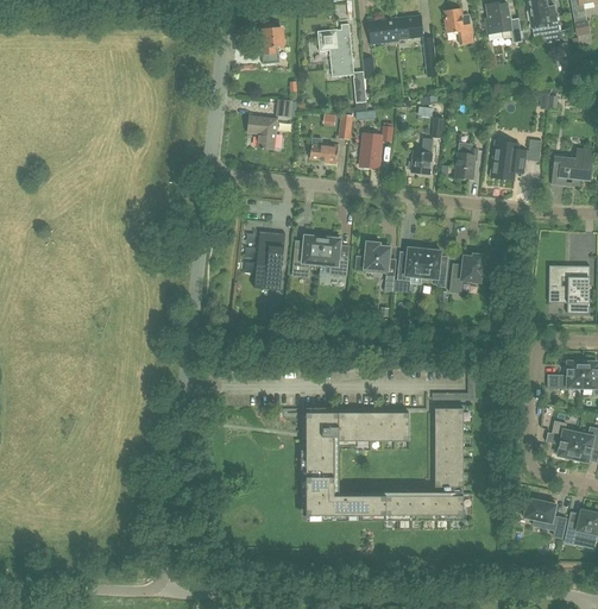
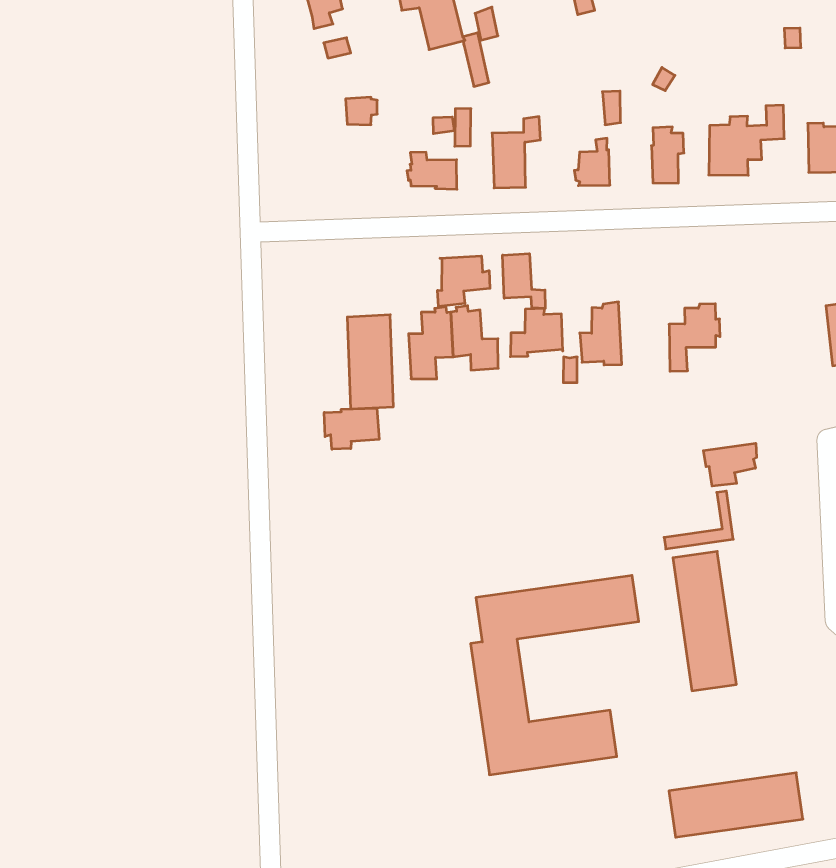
building: [247,115,277,149] -> none
building: none -> [438,256,490,306]
building: none -> [503,254,545,308]
building: [421,245,447,287] -> none
building: none -> [324,408,379,449]
building: none -> [703,443,757,486]
building: [384,491,462,520] -> [669,773,803,837]

